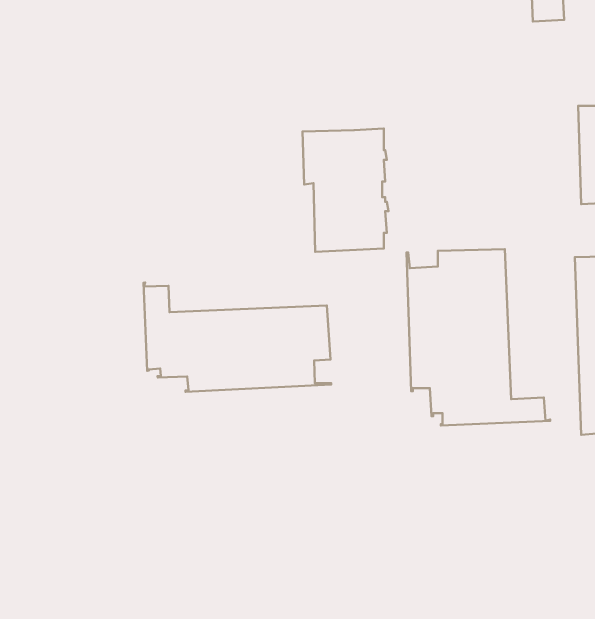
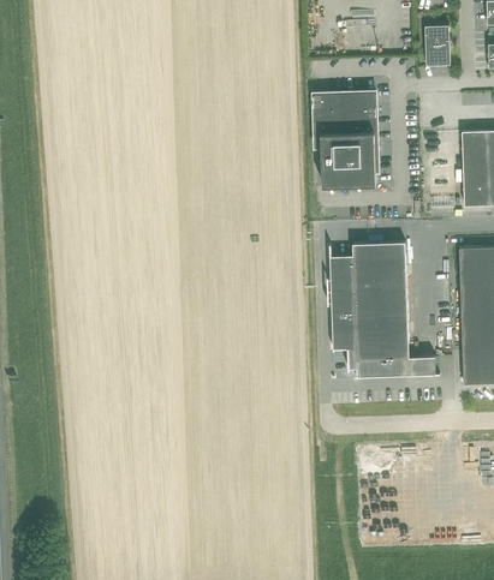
building: [303,128,388,252] -> [313,91,379,186]
building: [143,283,331,392] -> none

